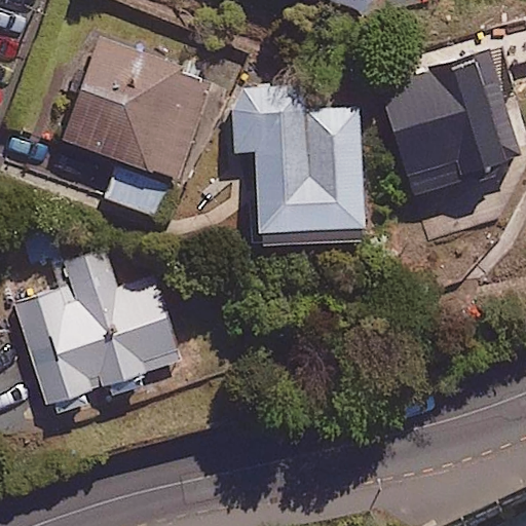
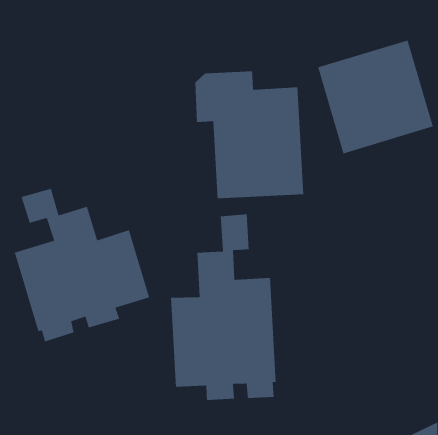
building: [55,34,214,220] -> none
building: none -> [170,213,277,401]

